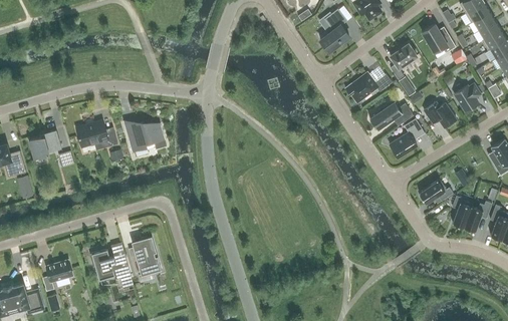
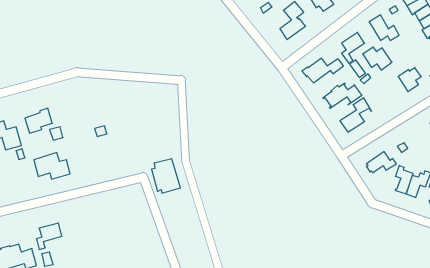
building: [424,102,457,128] -> [363,47,392,70]
building: [76,120,117,150] -> [34,153,70,179]
building: [123,121,167,157] -> none
building: [129,237,162,276] -> [151,159,180,193]
building: [89,249,134,289] -> none

